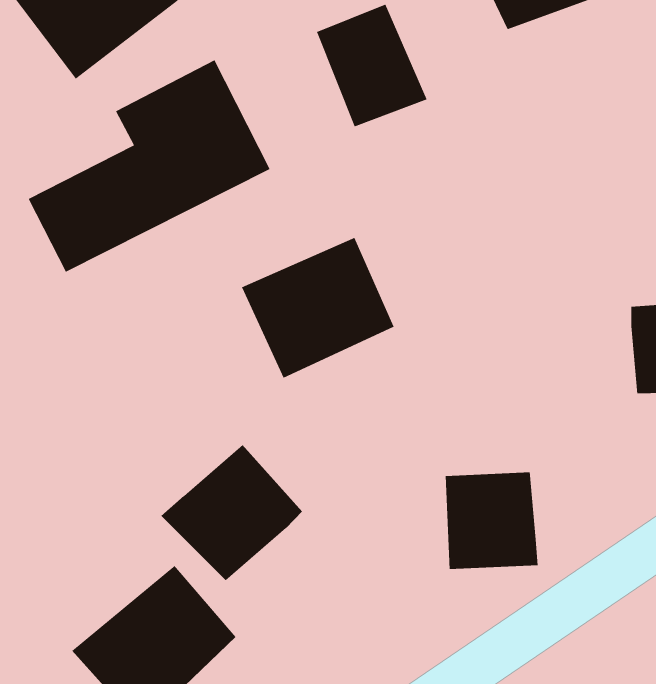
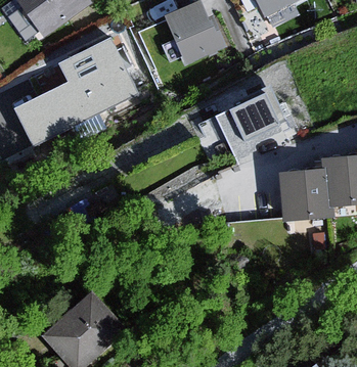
building: [241,237,394,379] -> [217,87,296,159]
building: [161,444,303,581] -> none
building: [445,472,539,570] -> [281,170,329,220]

